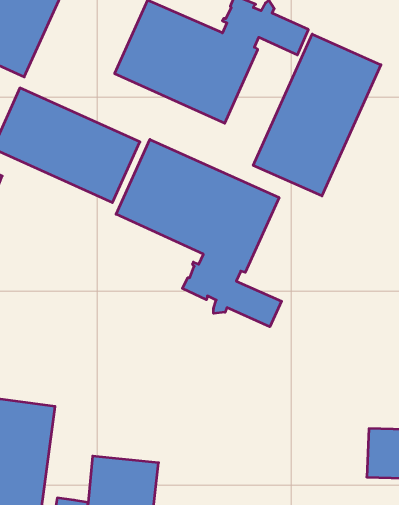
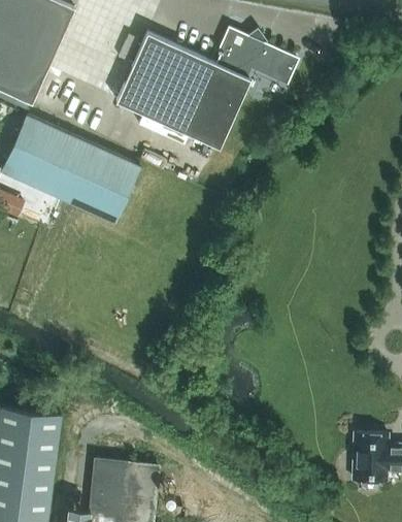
building: [253,34,381,196] -> none
building: [116,139,282,327] -> none

